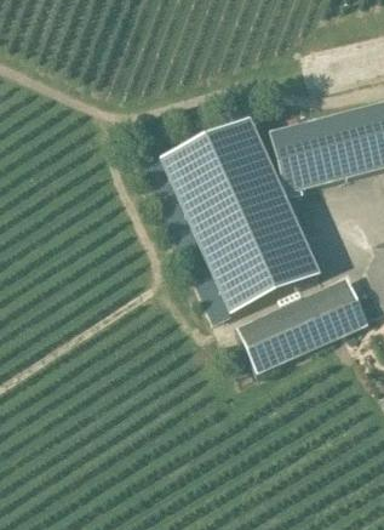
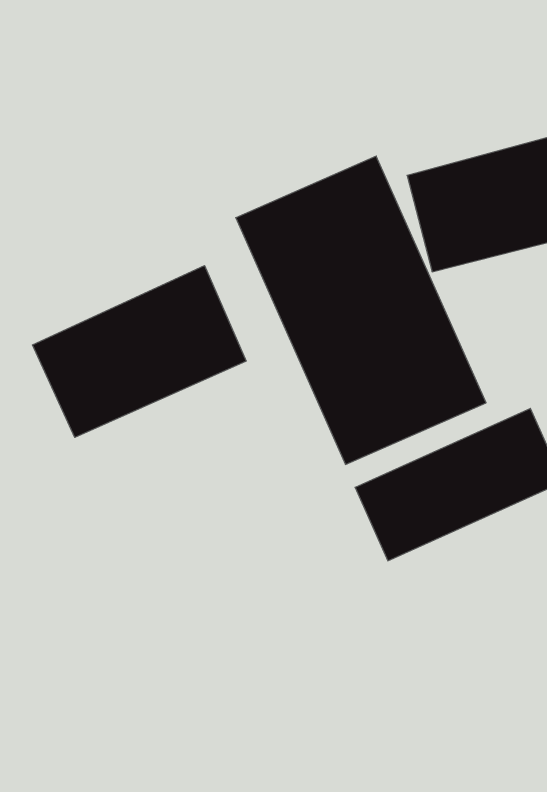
building: none -> [32,266,246,437]

